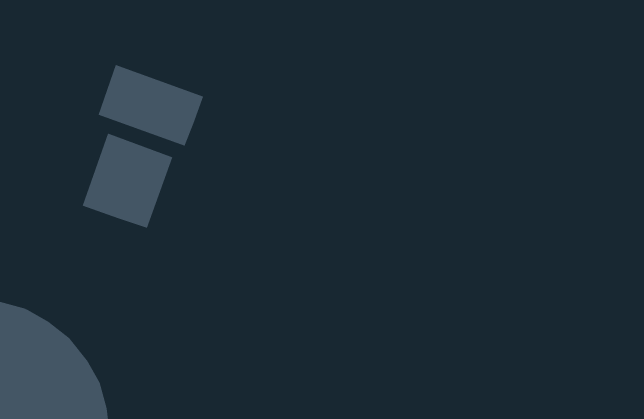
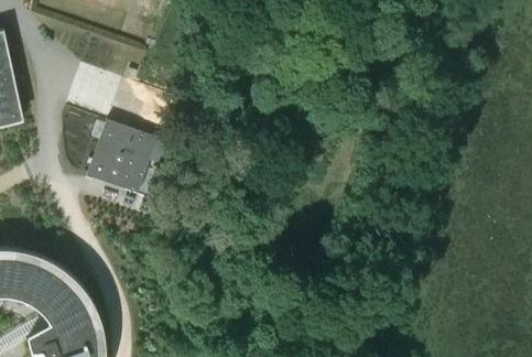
building: [98,64,204,146] -> none

